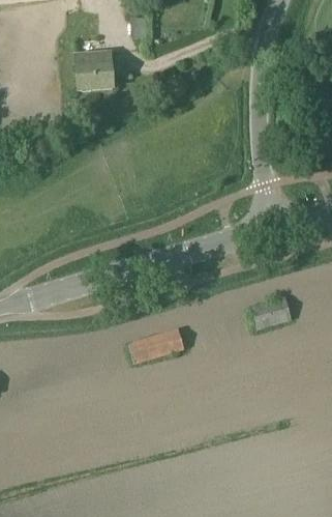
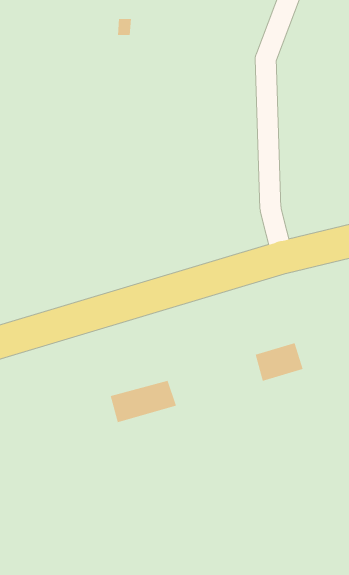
building: [74,53,113,91] -> none

